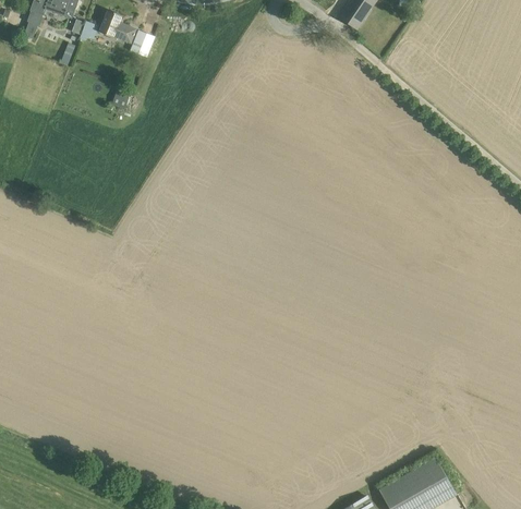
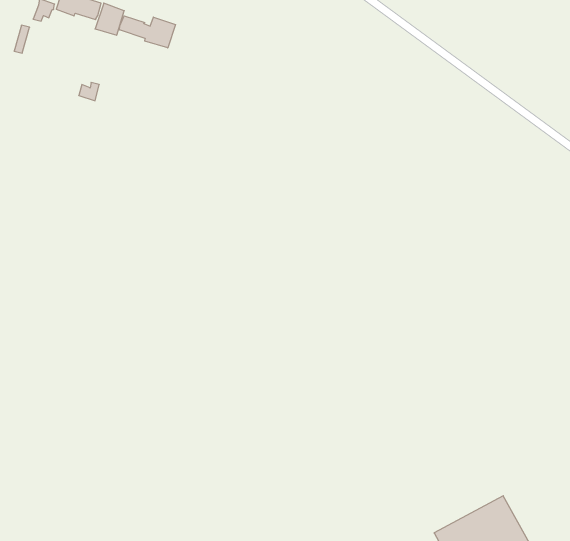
building: none -> [120,16,176,48]

